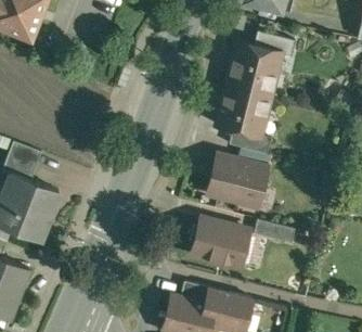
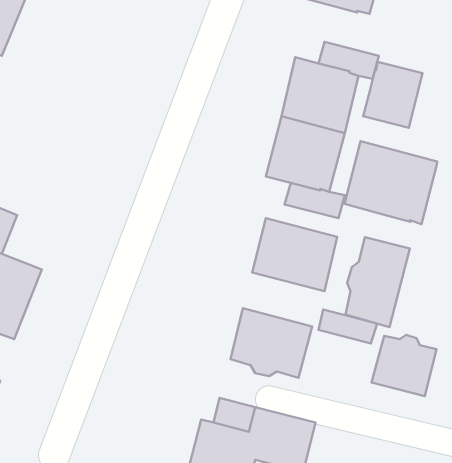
building: none -> [363,62,423,128]
building: none -> [345,141,437,224]
building: none -> [345,237,410,327]
building: none -> [371,335,437,396]

